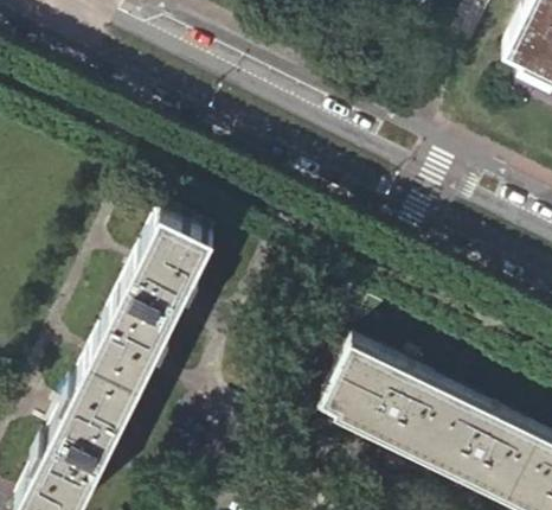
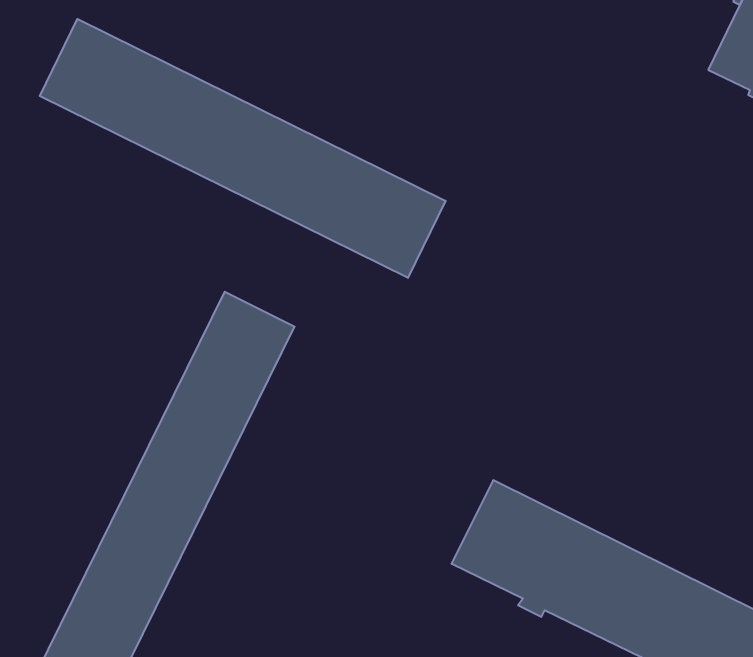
building: none -> [40,19,446,278]

